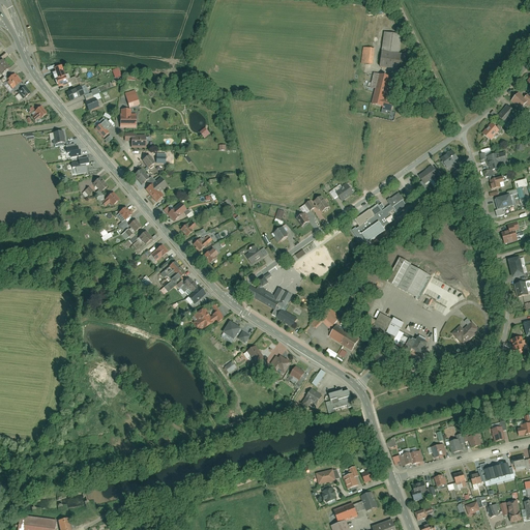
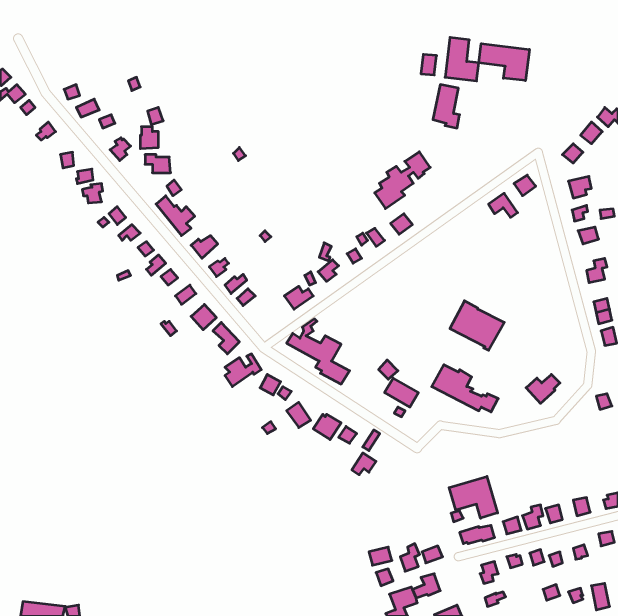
building: none -> [479,44,529,81]
building: [359,192,407,240] -> [375,152,430,209]
building: [325,389,354,413] -> none
building: none -> [449,476,498,518]

